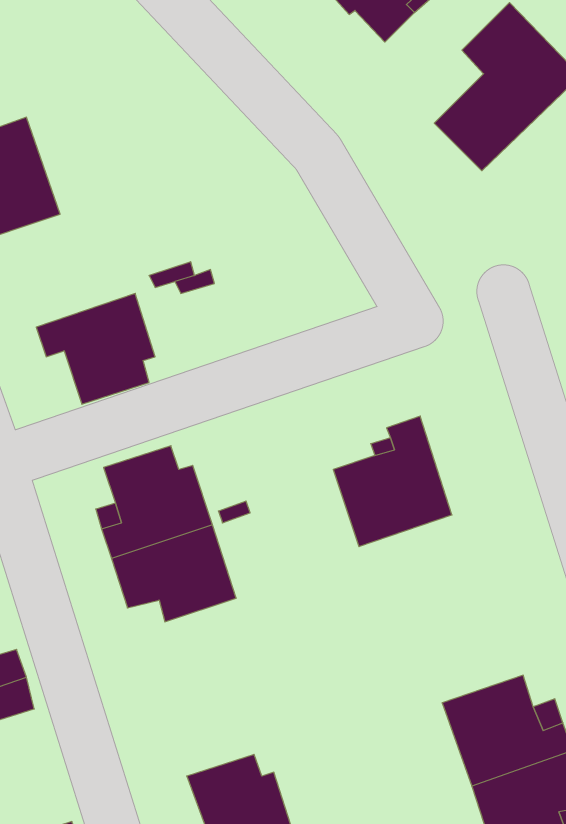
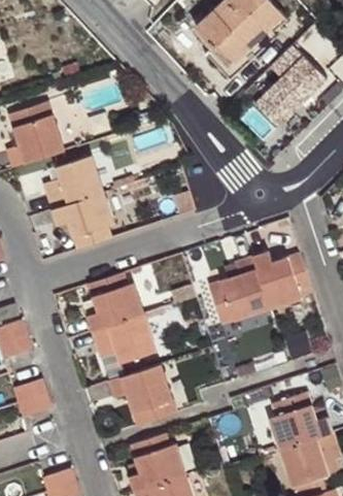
building: none -> [44,156,104,210]
building: none -> [252,252,311,308]
building: none -> [108,365,176,426]

